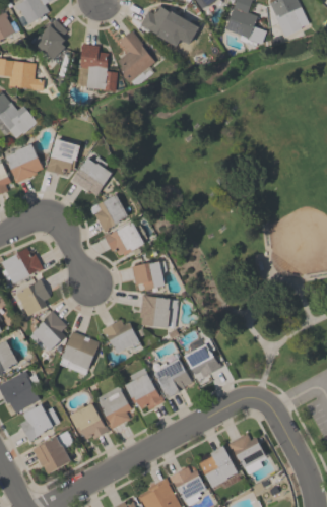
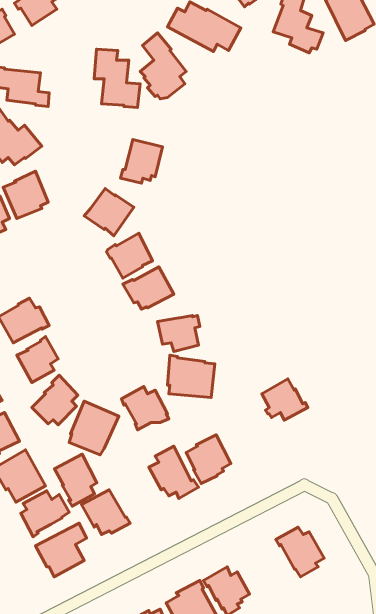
building: [35,18,67,60] -> none
building: [45,139,79,175] -> [120,140,163,183]
building: [184,343,221,377] -> [262,379,308,420]
building: [96,386,131,429] -> [55,454,97,506]
building: [198,446,238,488] -> none

